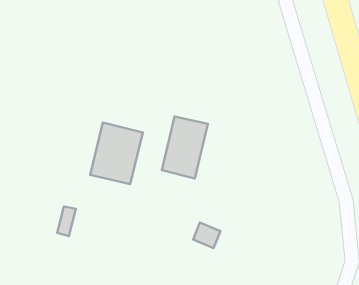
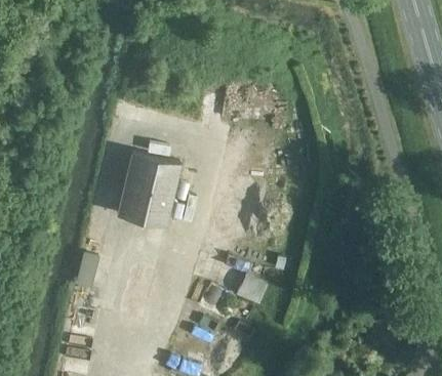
building: [162,116,208,178] -> none

